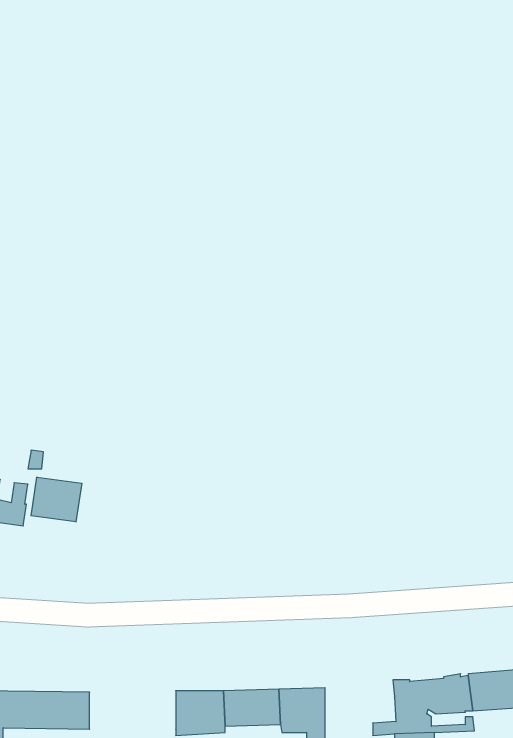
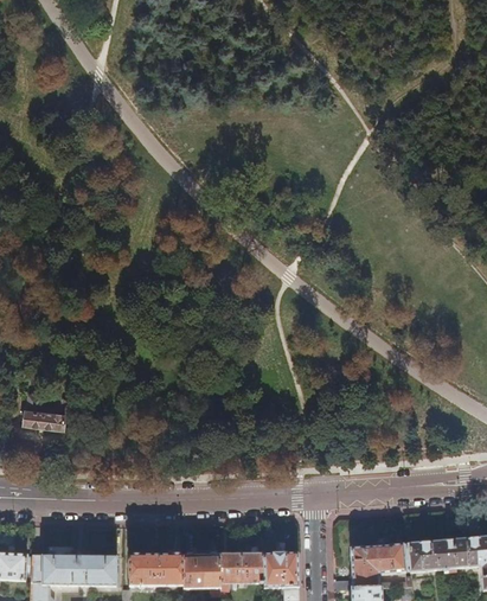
building: [31,477,82,522] -> none
building: none -> [129,555,182,584]

